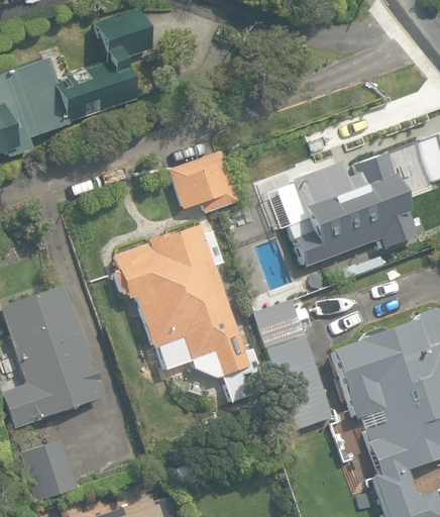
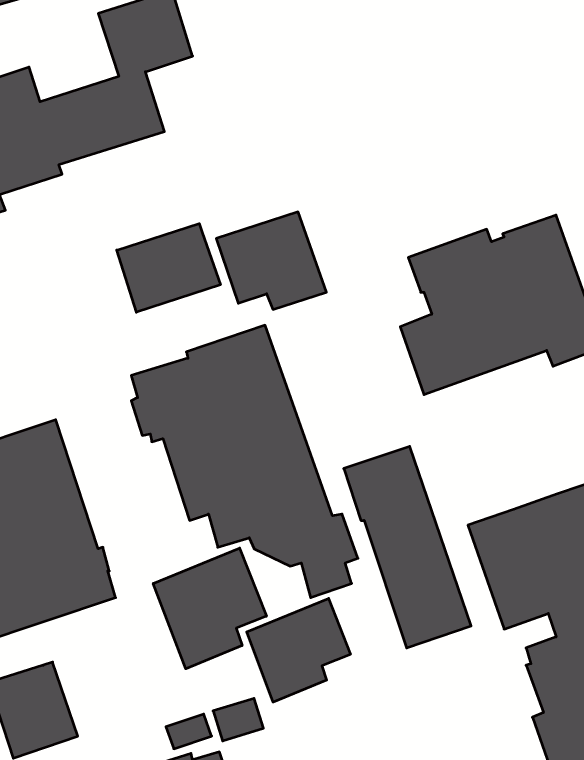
building: none -> [117,224,220,312]
building: none -> [153,548,266,669]
building: none -> [247,598,350,702]

